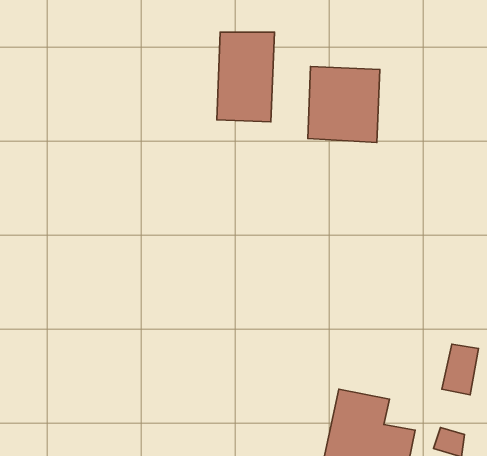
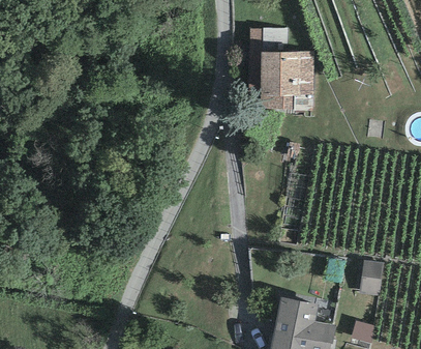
building: [217,32,275,122] -> none

